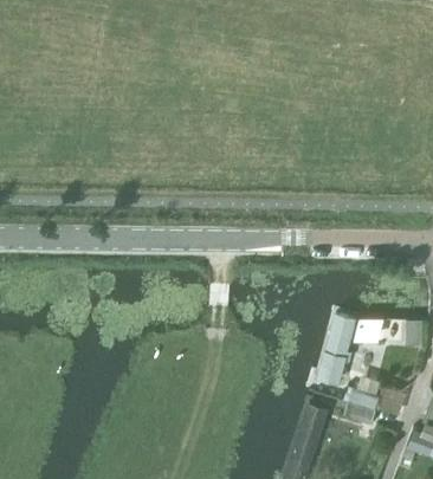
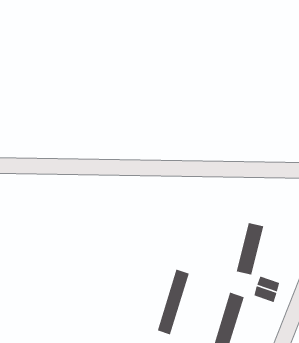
building: none -> [157,268,190,336]

